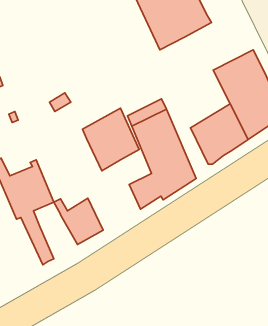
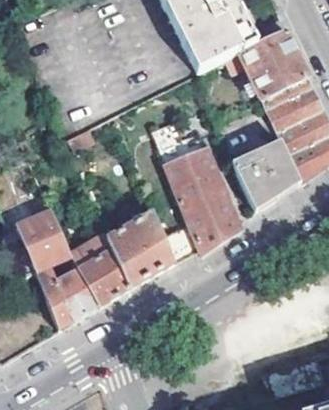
building: none -> [226,28,307,98]
building: [82,108,139,171] -> [107,213,174,287]
building: none -> [55,268,100,321]

